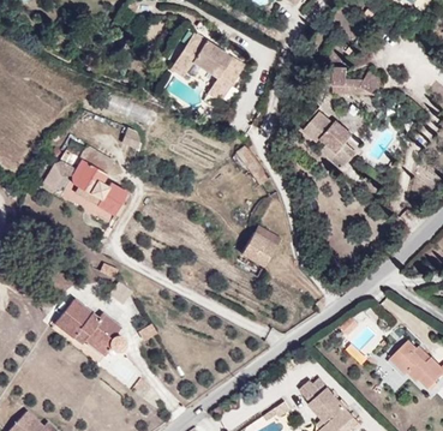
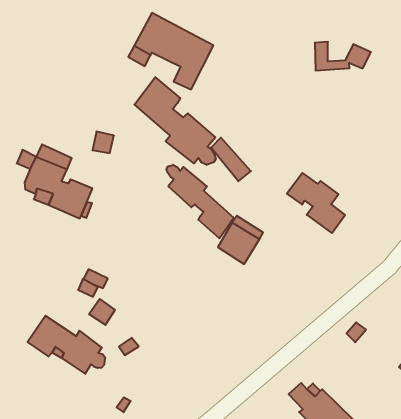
building: none -> [134,77,216,165]
building: [309,114,360,170] -> [287,173,345,233]
building: none -> [167,165,234,238]

